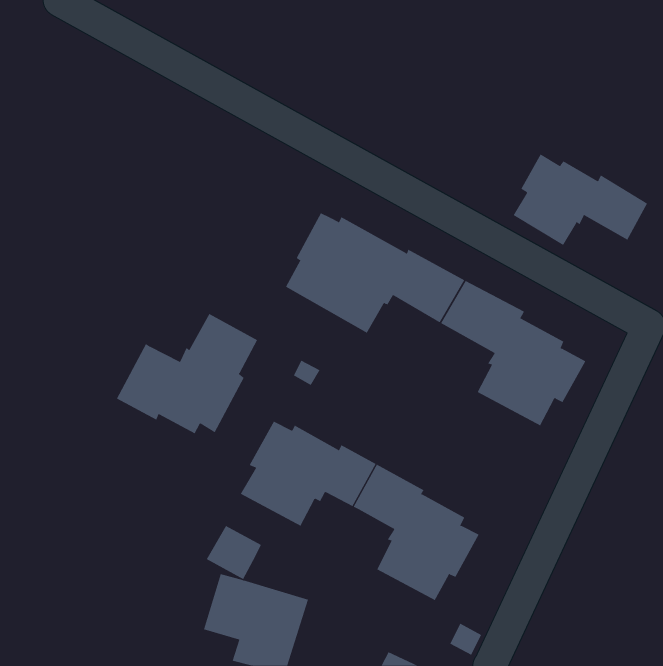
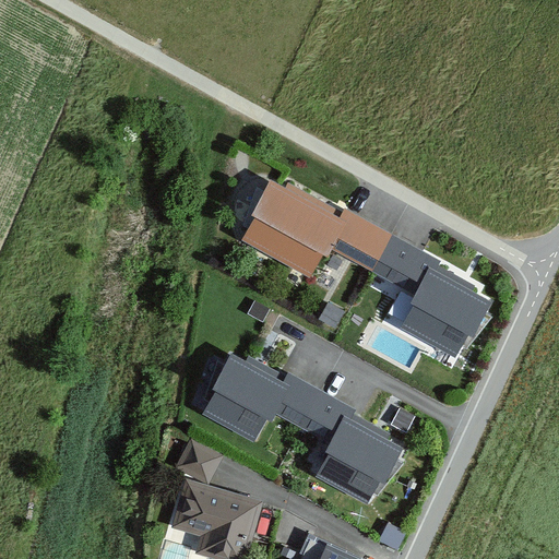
building: [513,153,648,246] -> none
building: [116,313,258,434] -> none

